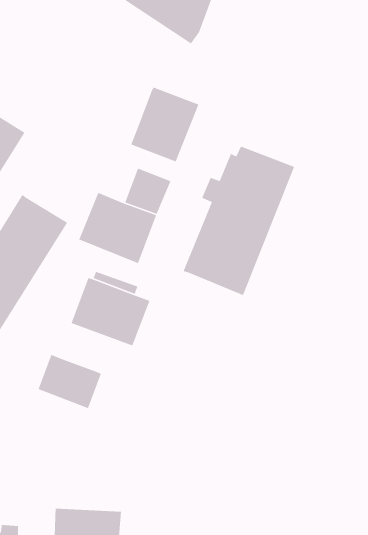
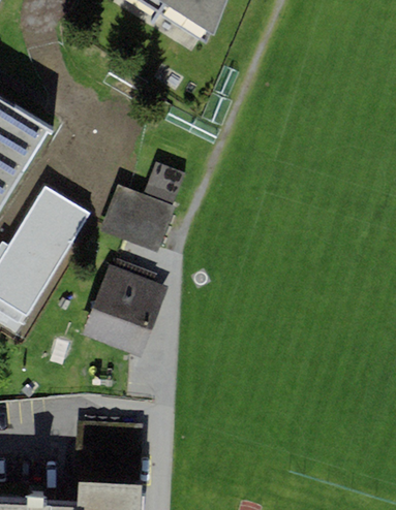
building: [130,87,199,163] -> none
building: [183,145,295,296] -> none
building: [37,354,102,409] -> none

